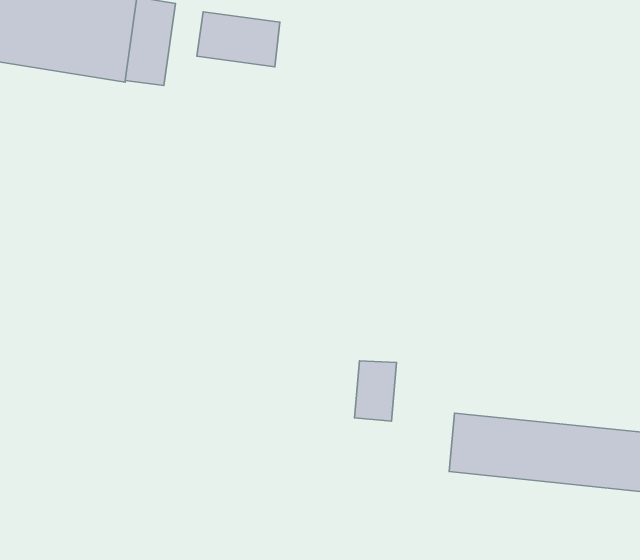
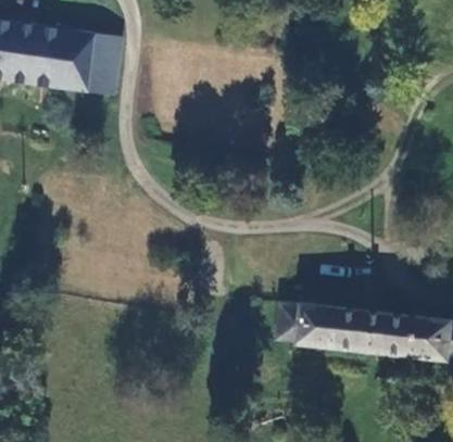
building: [197,12,280,67] -> none
building: [355,361,396,421] -> [275,305,302,344]

